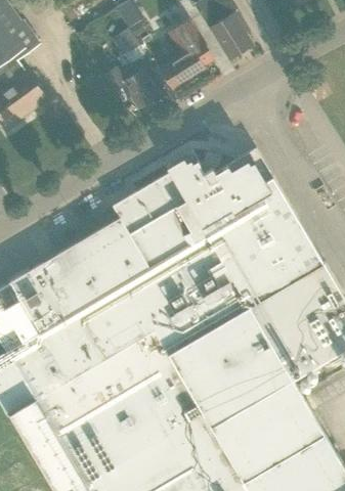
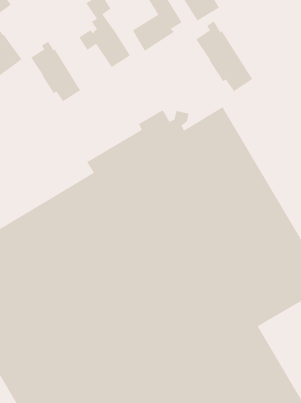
building: none -> [195,21,253,92]
building: none -> [30,41,81,102]

